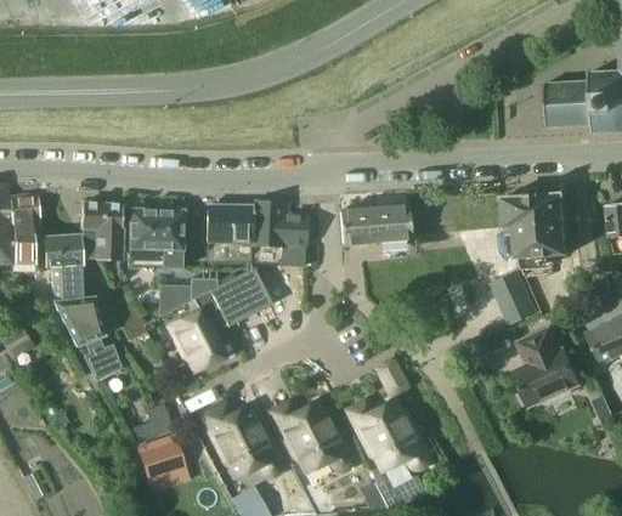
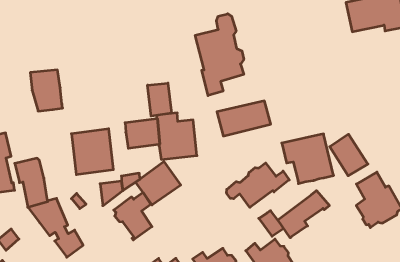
building: none -> [195,14,244,96]
building: none -> [148,83,172,116]
building: [502,194,567,259] -> [282,134,334,184]
building: [81,202,121,259] -> [30,70,63,111]
building: none -> [227,163,289,207]
building: none -> [278,191,329,238]

